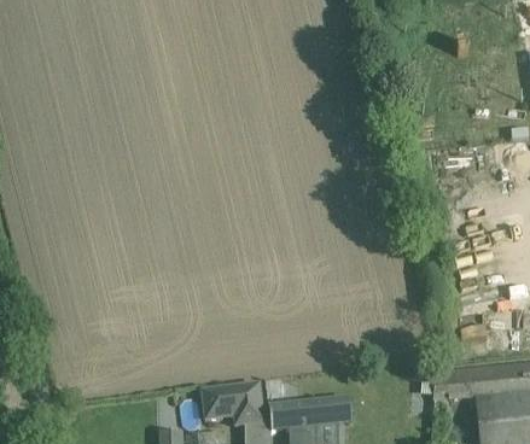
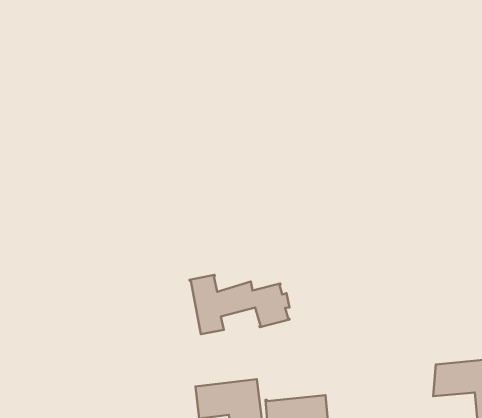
building: none -> [190,275,290,334]

